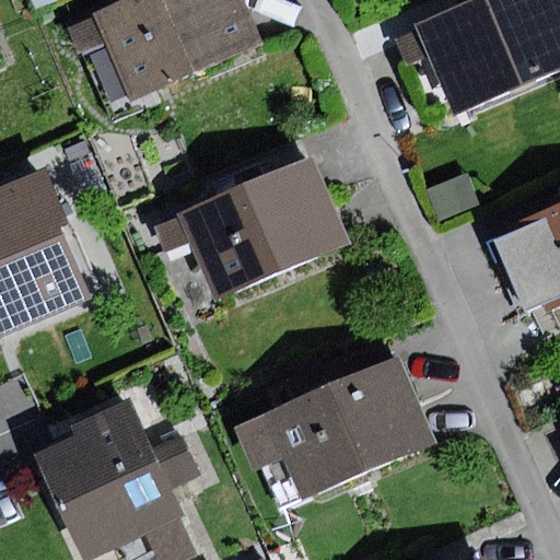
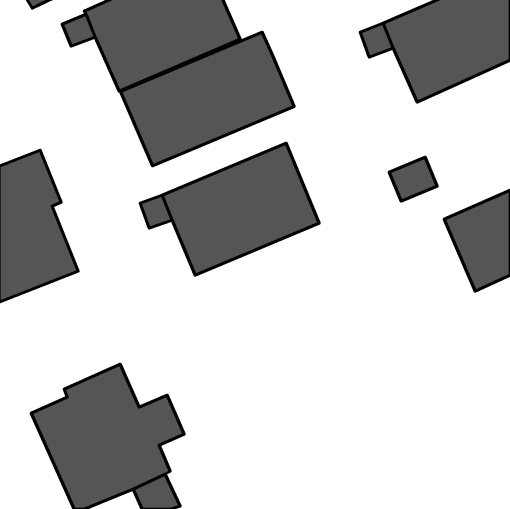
building: none -> [121,32,294,166]
building: [233,355,435,501] -> none

